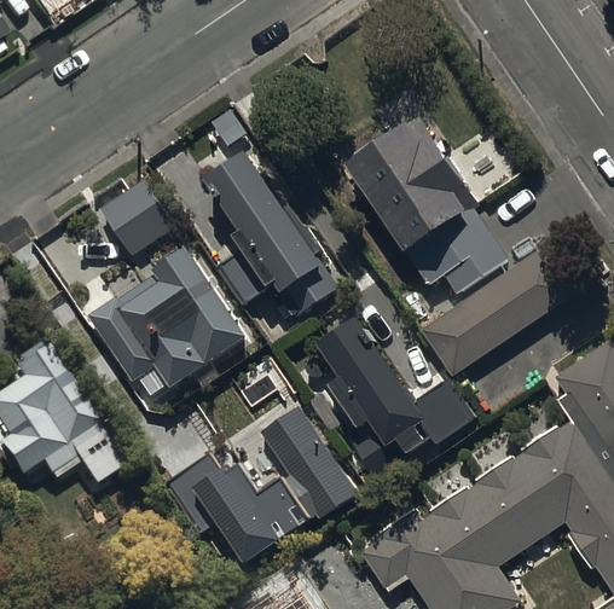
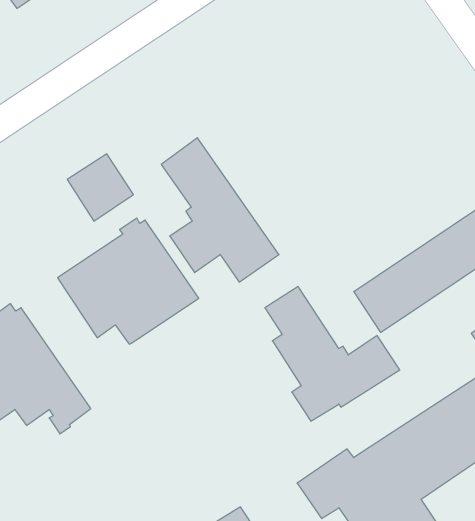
building: [347,117,511,296] -> none
building: [163,401,355,558] -> none

